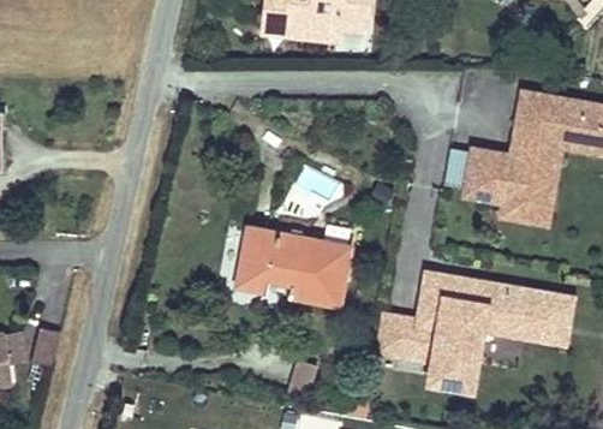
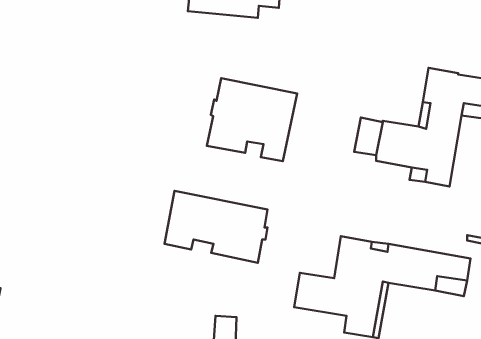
building: none -> [207,78,297,161]

